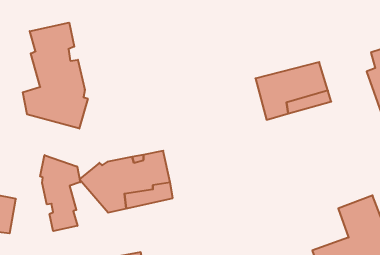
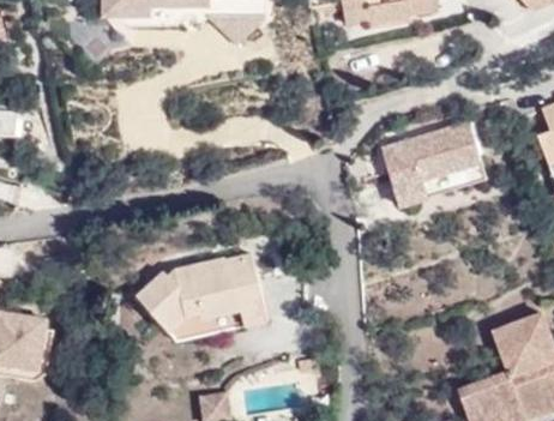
building: [23,23,88,129] -> none
building: [40,155,80,231] -> none

